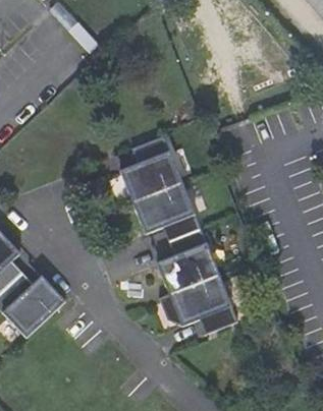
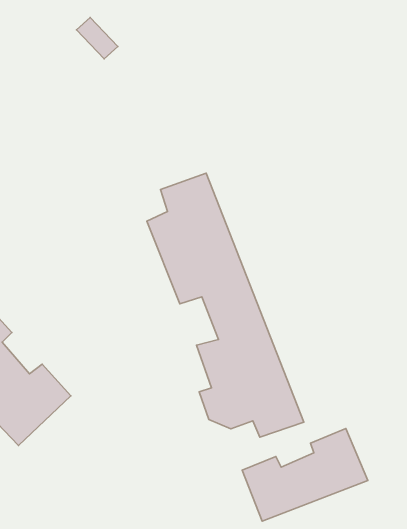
building: none -> [242,429,368,521]

